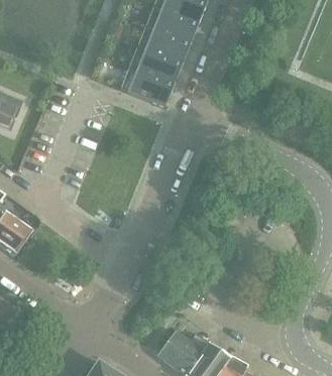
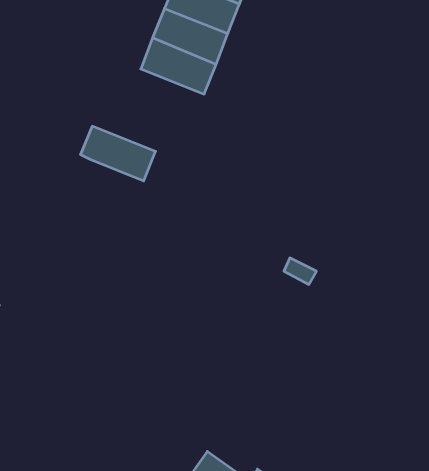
building: [120,70,172,107] -> [80,126,156,181]

